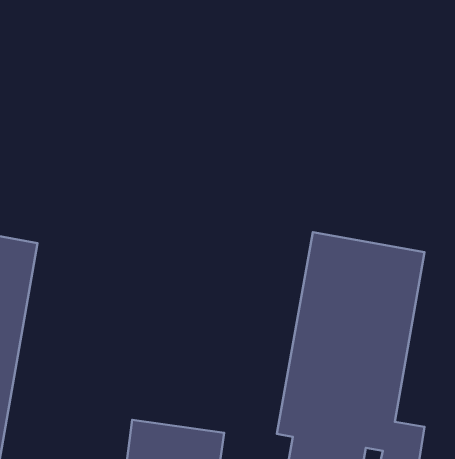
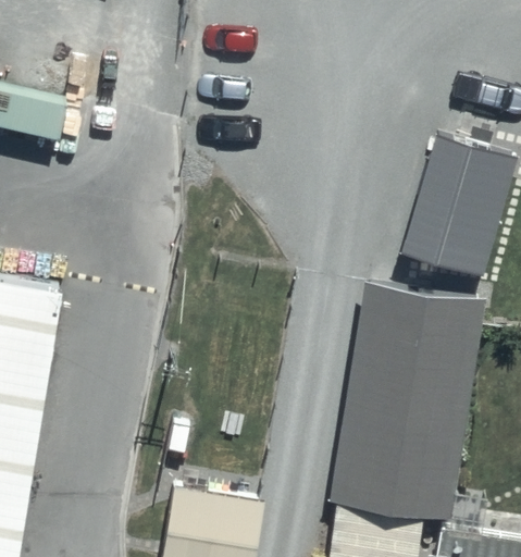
building: none -> [402,135,497,270]

